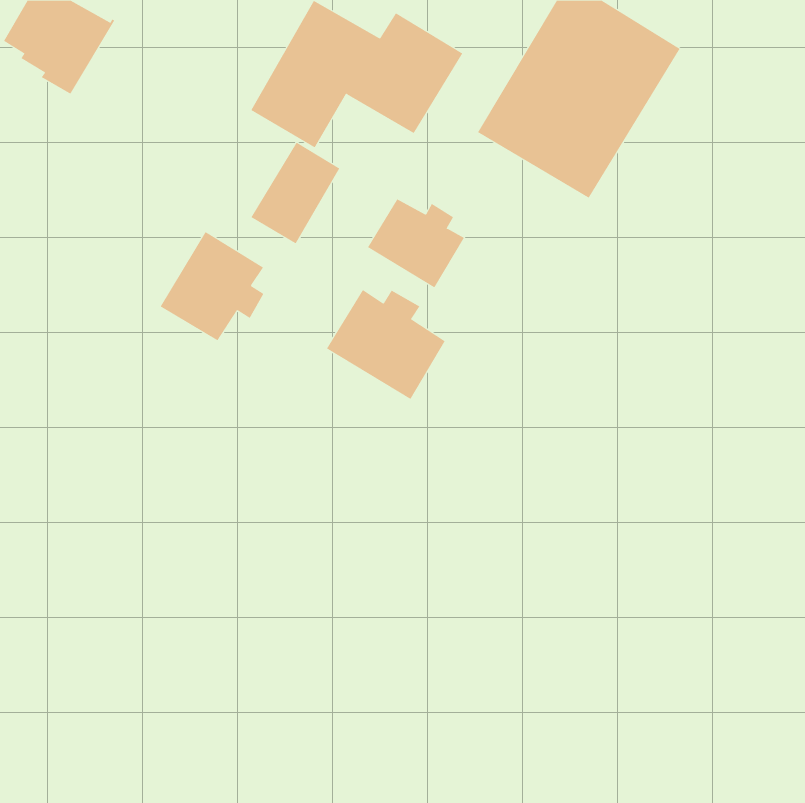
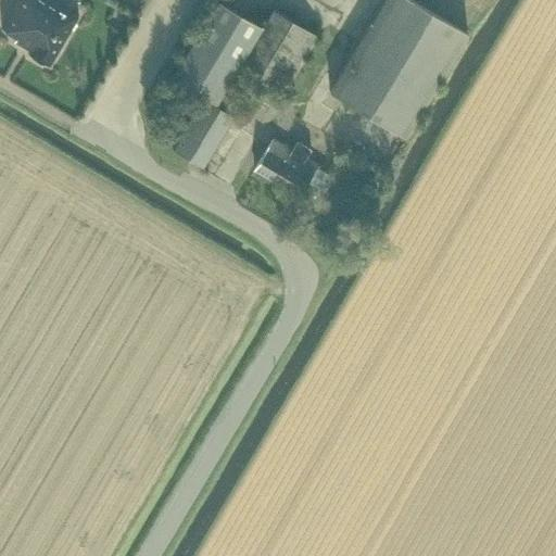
building: [160,231,264,341] -> none
building: [326,289,446,400] -> none

